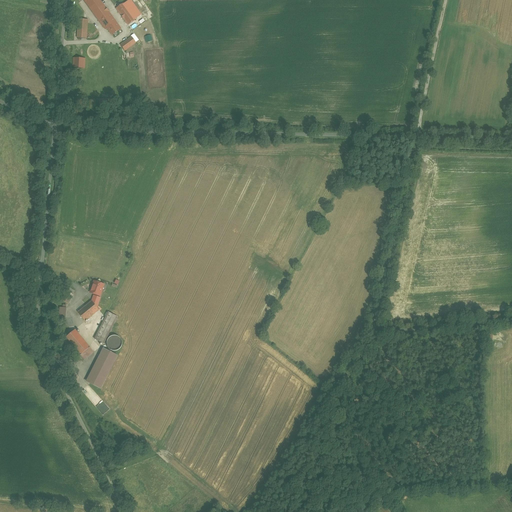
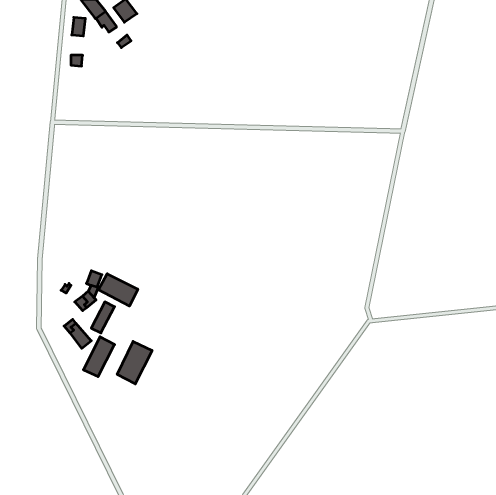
building: none -> [98,274,138,306]
building: none -> [117,341,152,384]

